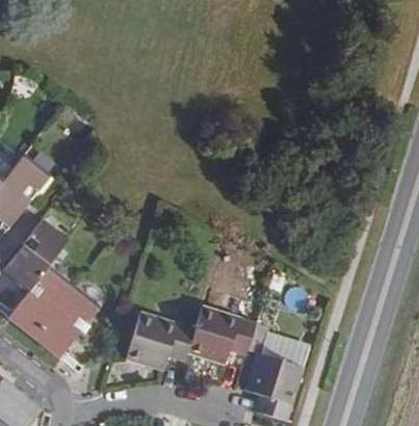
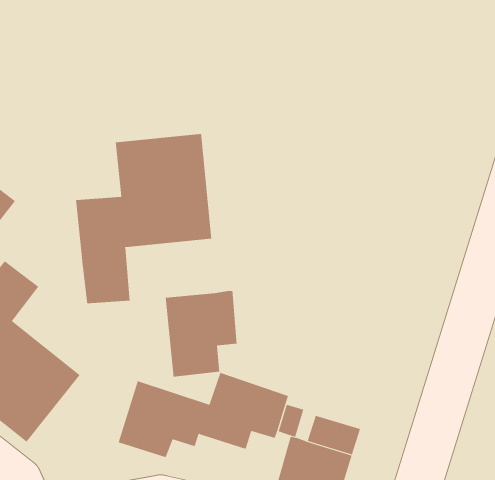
building: none -> [76,133,212,304]
building: none -> [165,290,237,378]

